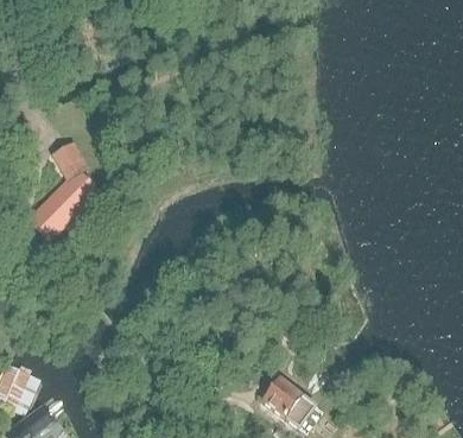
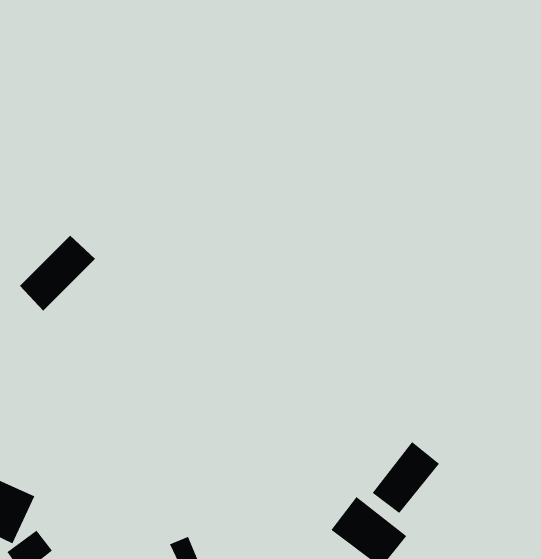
building: [52,140,90,182] -> none
building: none -> [372,441,440,514]

